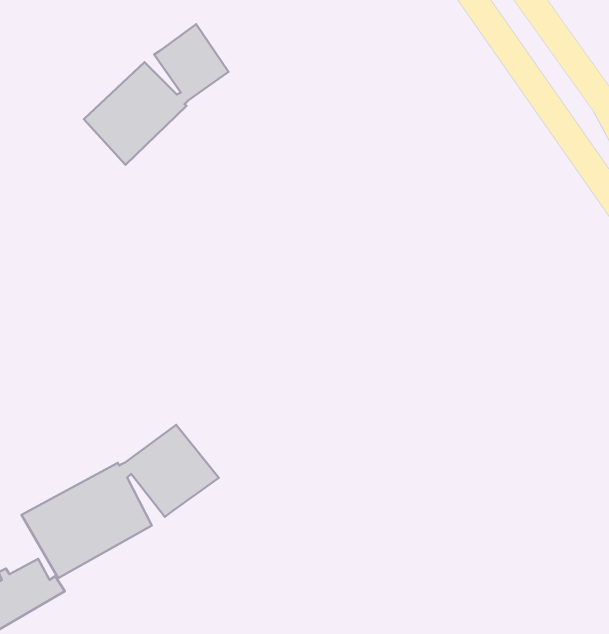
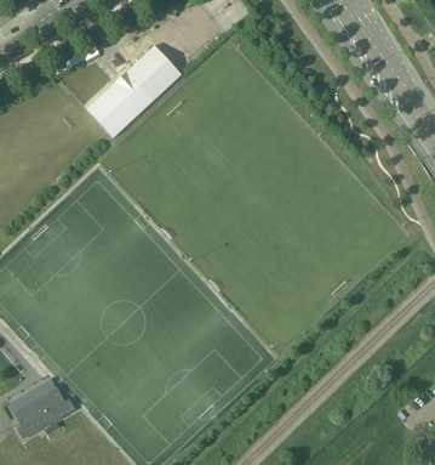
building: [22,425,219,578] -> none

